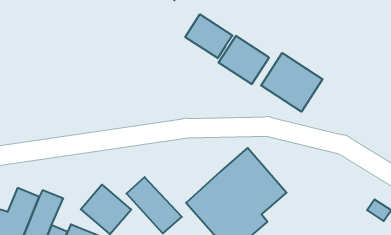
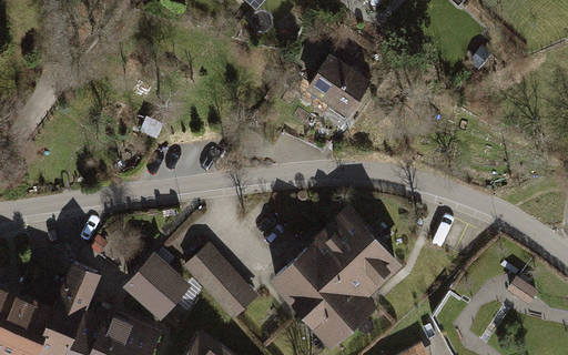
building: [185,14,232,58] -> none
building: [261,53,323,112] -> none

